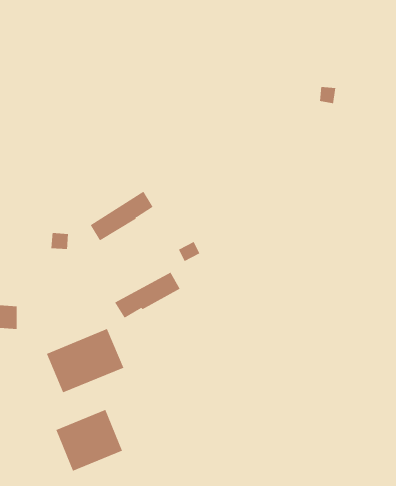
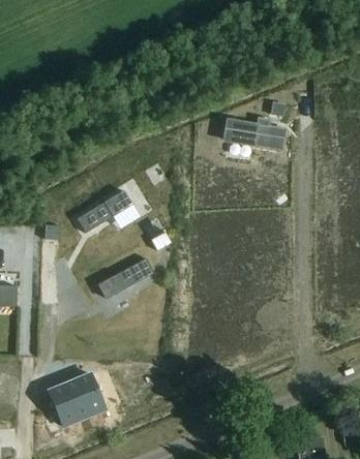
building: none -> [226,119,284,149]
building: [46,328,124,393] -> none

